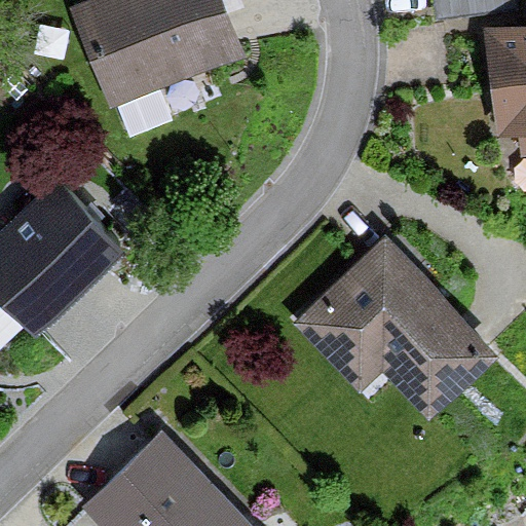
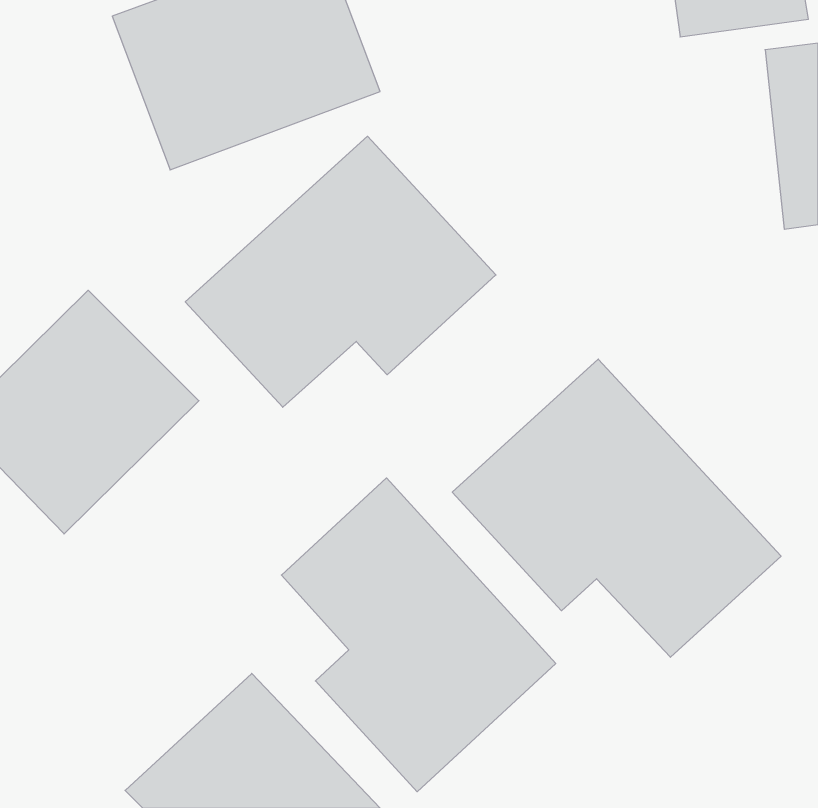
building: none -> [185,136,496,407]
building: none -> [281,478,556,792]

